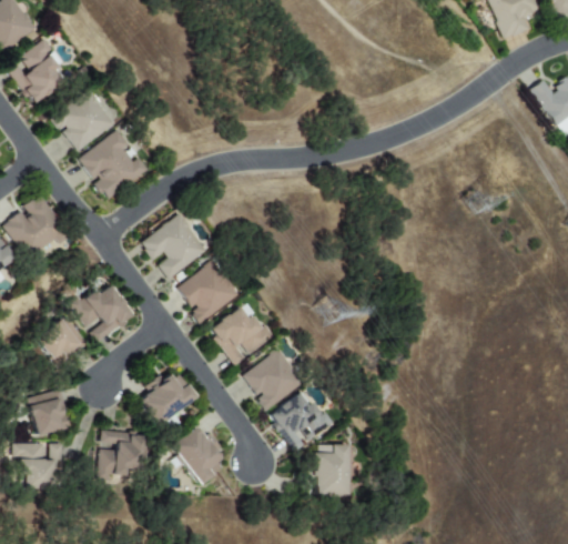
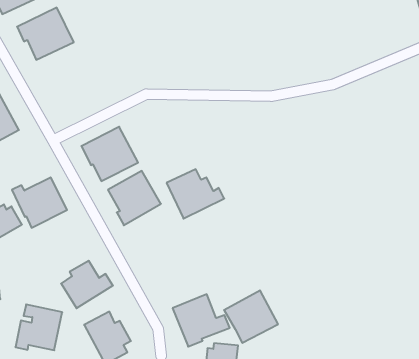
building: [78,130,149,200] -> none
building: [209,308,276,365] -> [167,169,224,219]
building: [242,347,305,410] -> [224,290,278,343]

